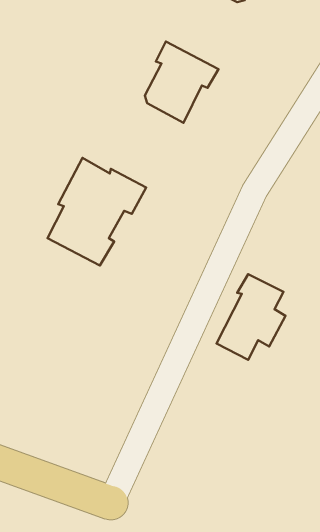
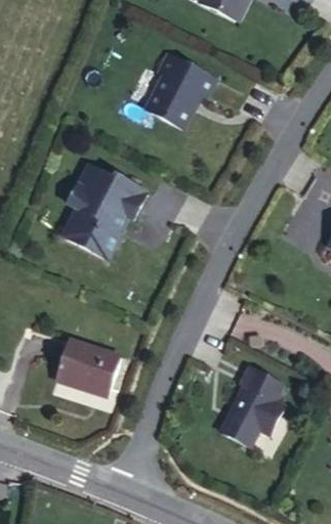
building: [216,274,286,360] -> [220,366,285,446]
building: none -> [56,341,120,394]

